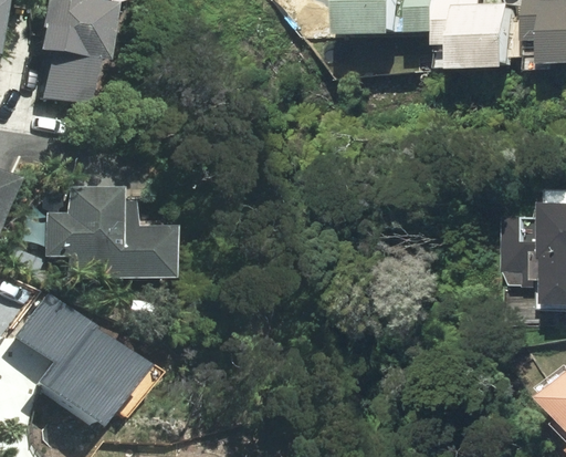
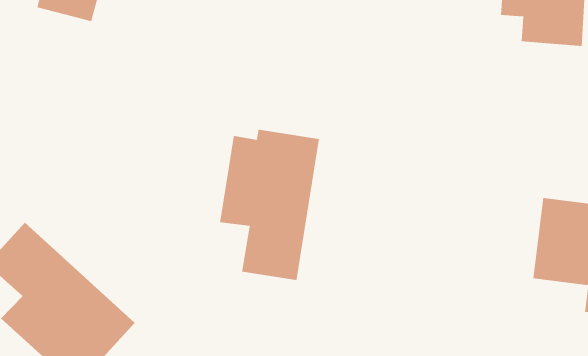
building: none -> [219,129,320,281]
building: [44,186,165,283] -> none

